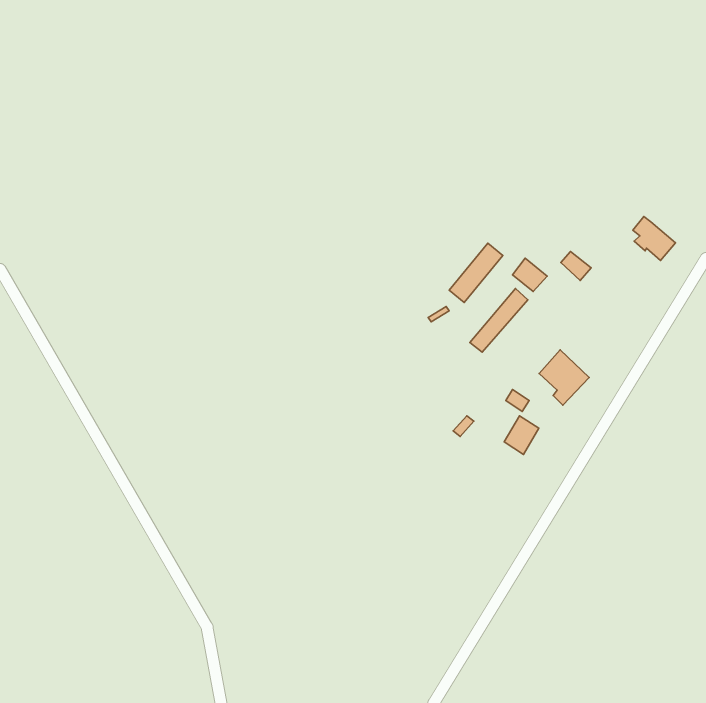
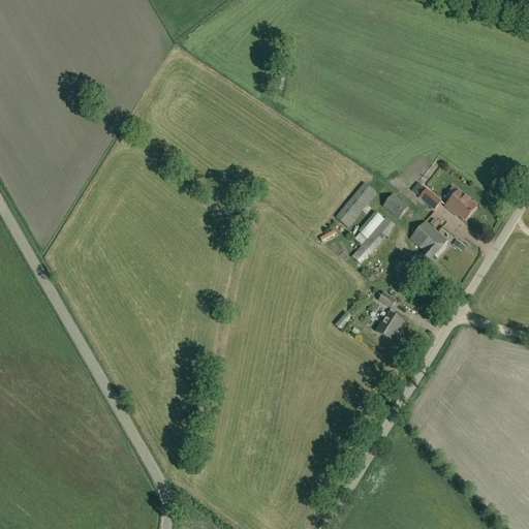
building: [633,216,676,261] -> [444,186,476,219]
building: [539,350,589,405] -> [410,220,447,261]

